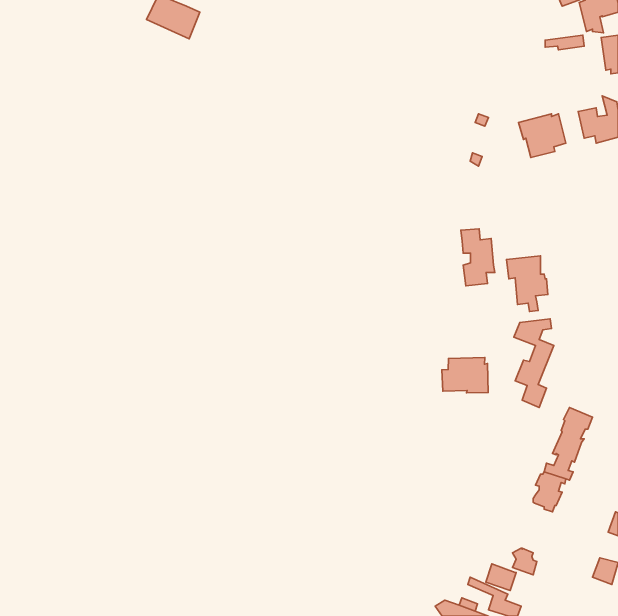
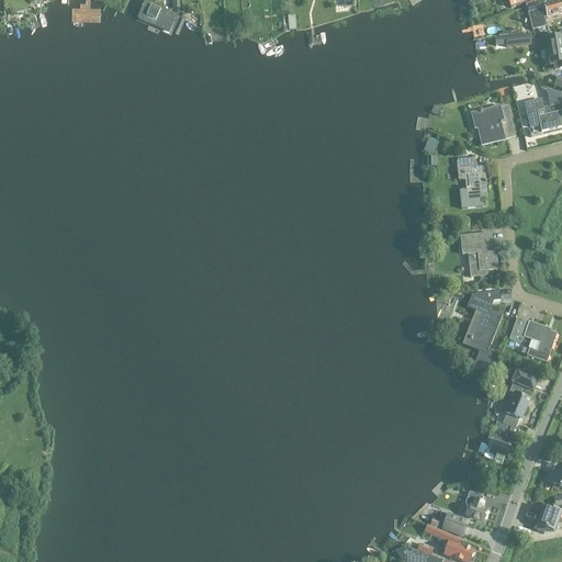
building: [461,229,495,286] -> [456,156,486,207]
building: none -> [508,316,555,360]
building: [442,357,488,393] -> none

